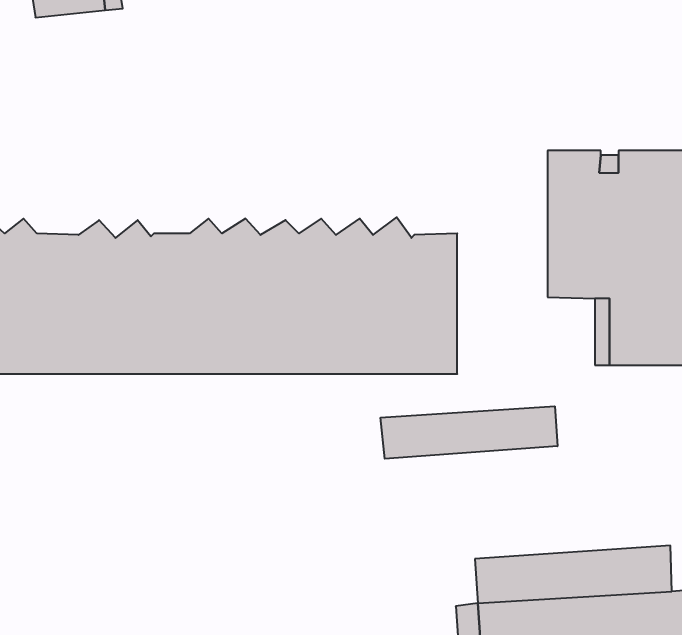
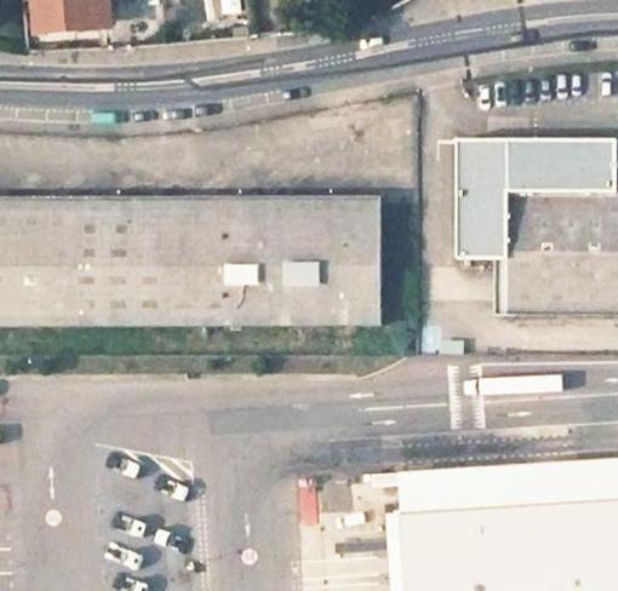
building: [381,406,557,459] -> none

